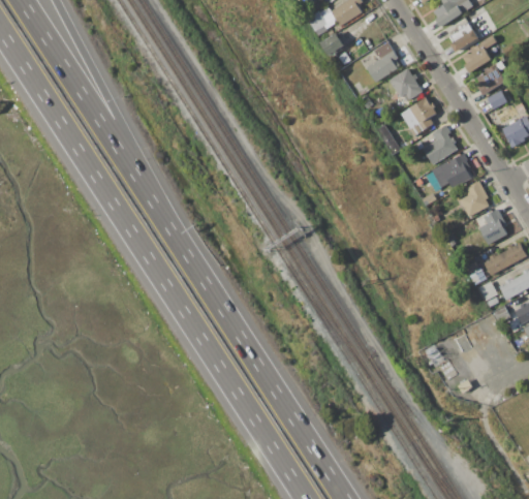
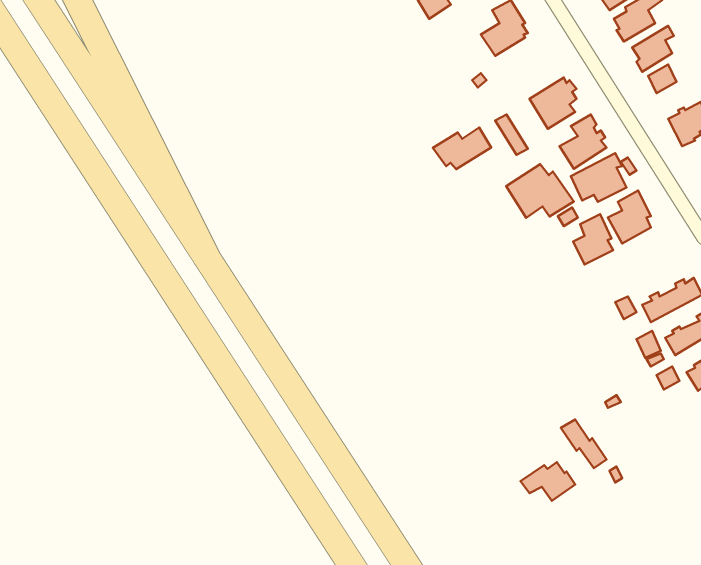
building: [388,68,422,100] -> none
building: none -> [433,128,491,169]
building: none -> [506,164,574,218]
building: [478,209,507,245] -> [573,214,613,264]
building: none -> [521,462,575,501]

